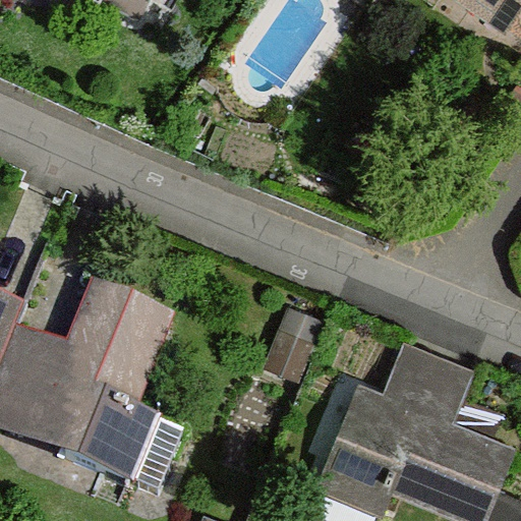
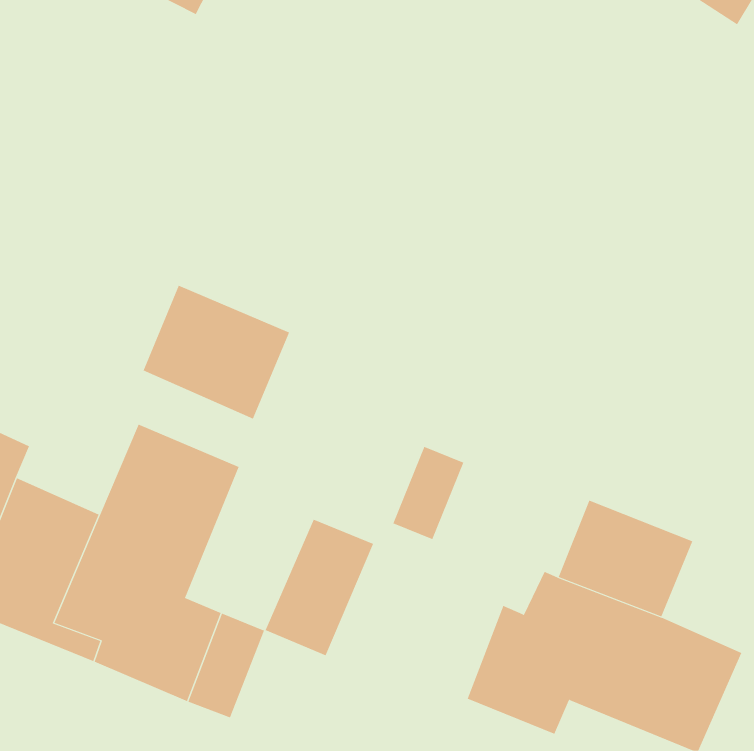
building: none -> [143,285,290,419]
building: none -> [265,519,374,656]

